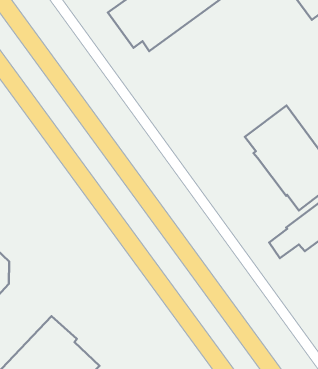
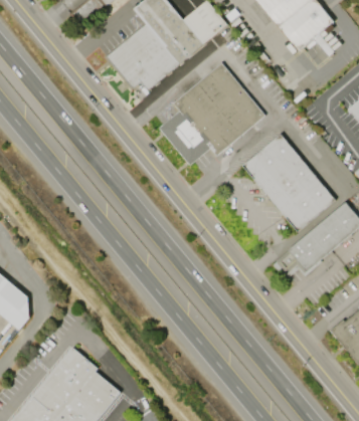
building: none -> [159,62,265,166]

